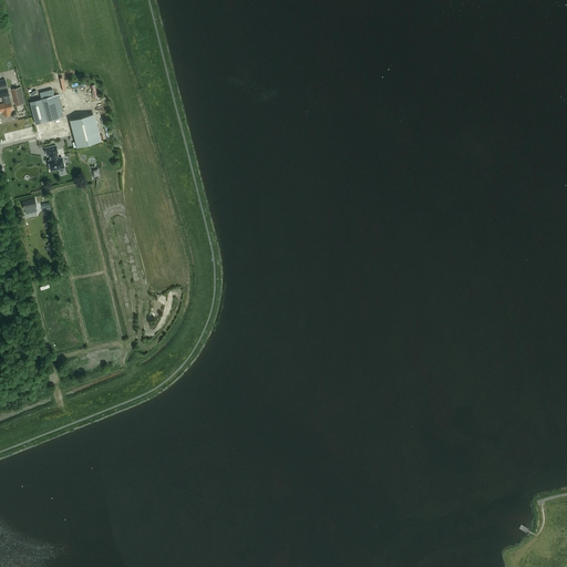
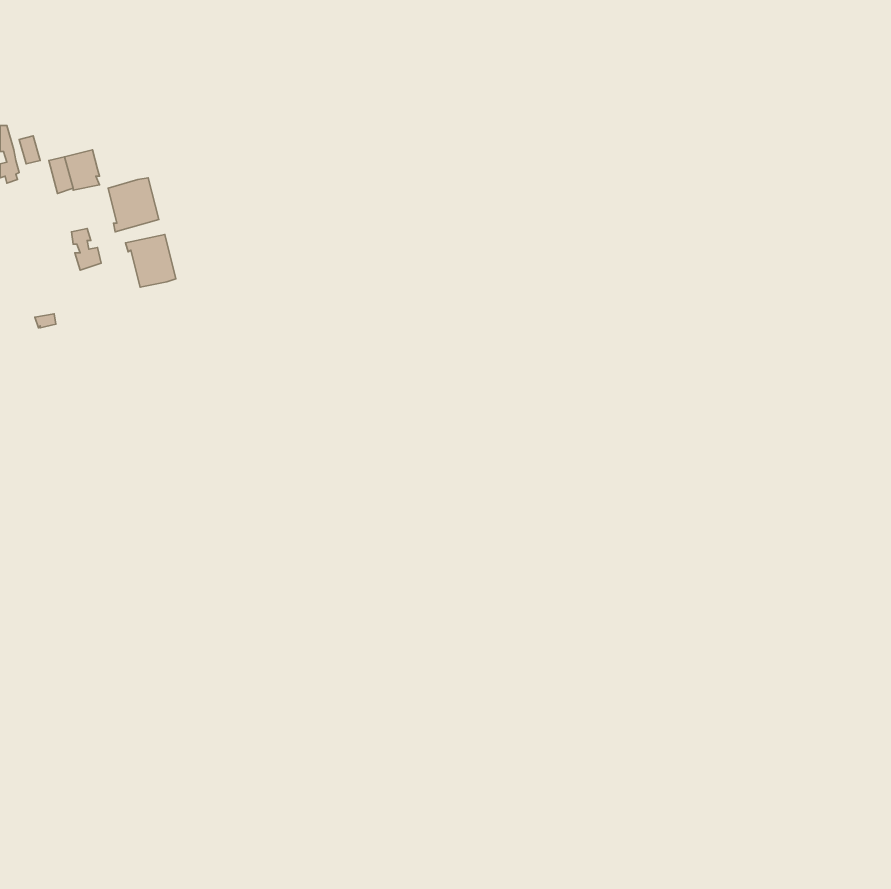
building: none -> [126,234,176,287]

